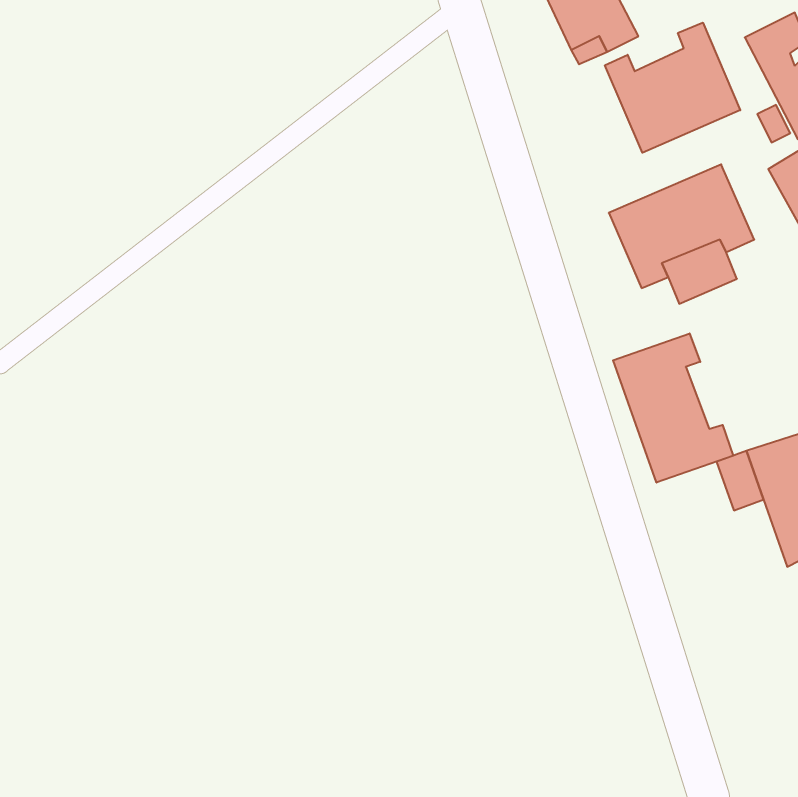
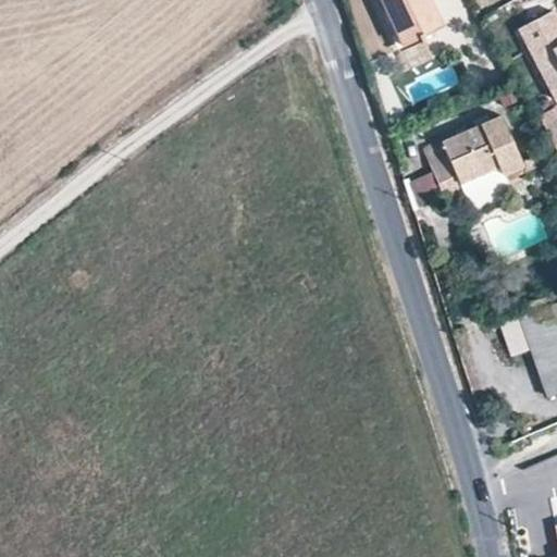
building: [605,23,740,153] -> none
building: [613,333,733,483] -> none

